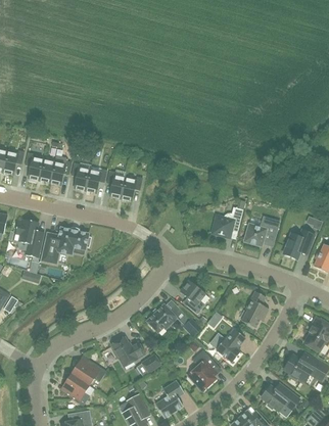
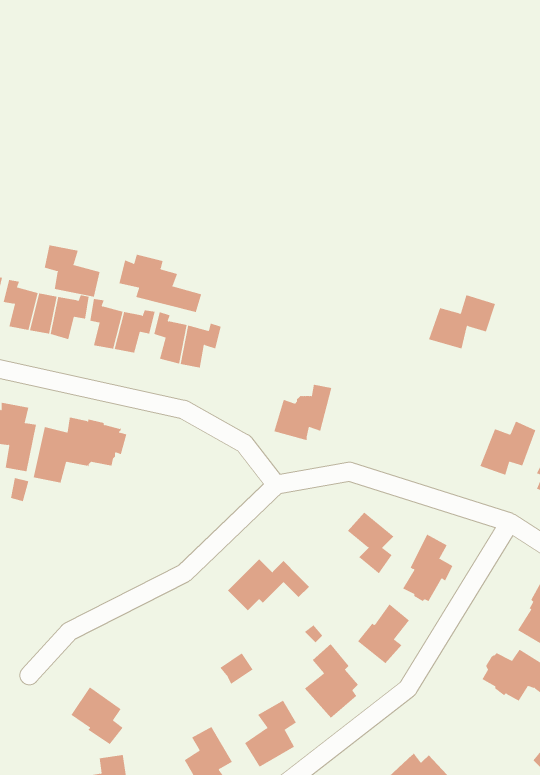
building: none -> [44,245,100,297]
building: none -> [119,254,202,313]
building: [210,206,242,237] -> [274,384,332,441]
building: [242,216,279,245] -> [428,294,496,349]
building: [179,280,204,314] -> [347,512,394,574]
building: [110,336,144,366] -> none
building: [70,358,105,385] -> none
building: [260,383,298,411] -> none

